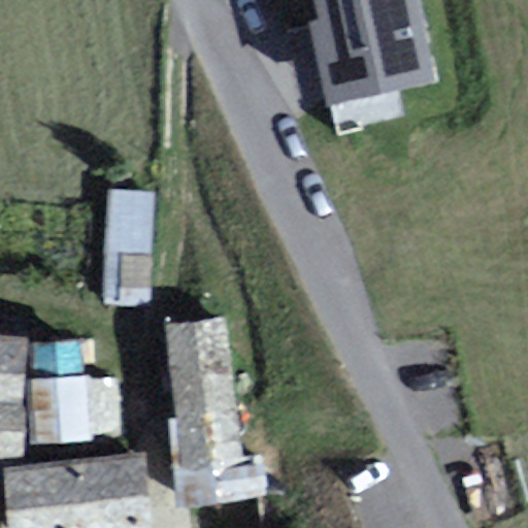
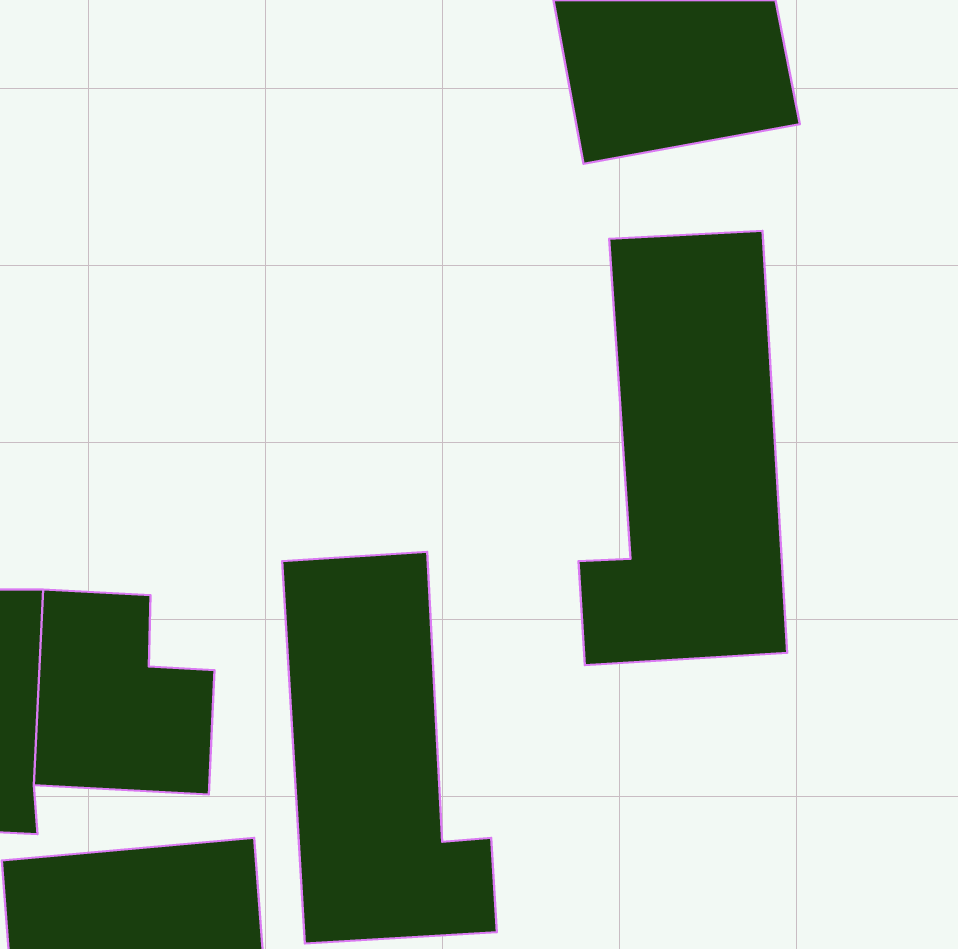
building: none -> [579,231,787,665]
building: [105,184,160,305] -> none

